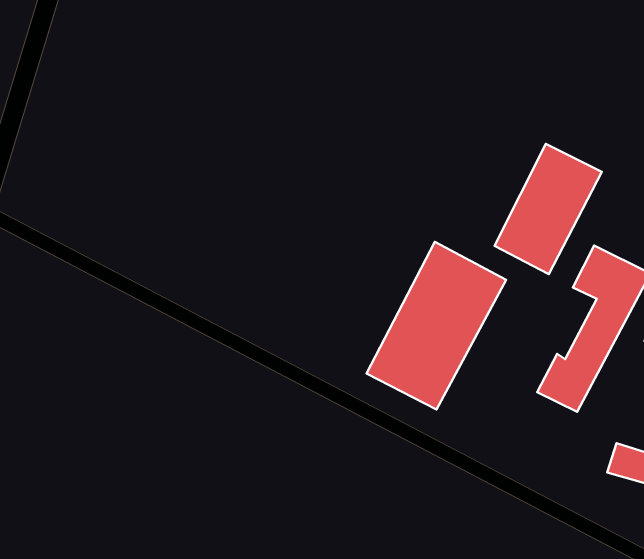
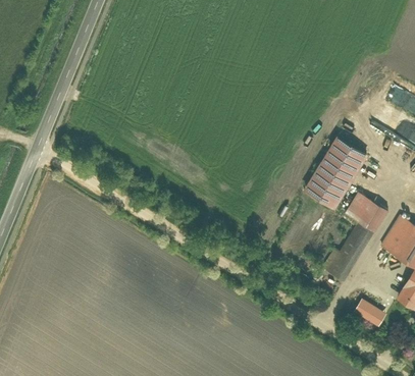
building: [367,242,506,410] -> none

